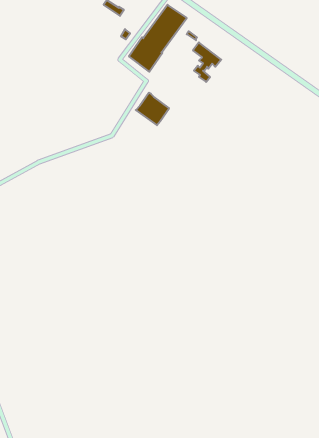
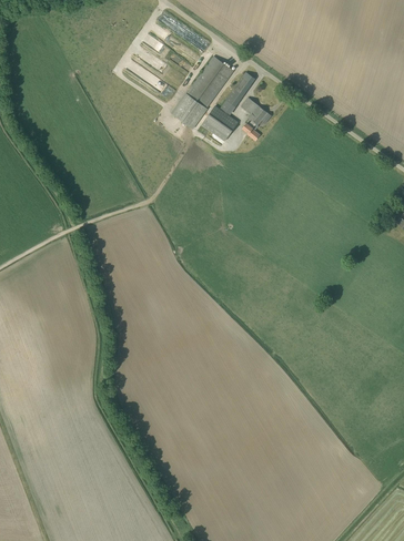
building: [136,93,169,125] -> [201,104,238,140]

